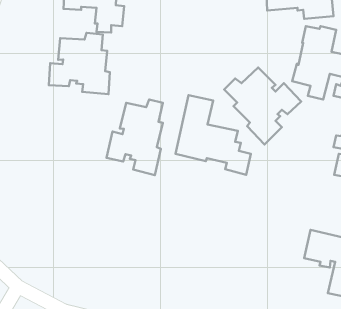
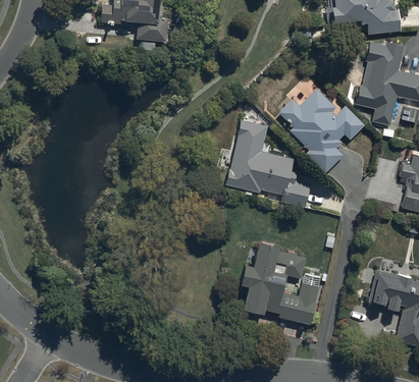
building: [49,33,110,94] -> none
building: [107,99,163,175] -> none
building: none -> [241,244,320,325]

